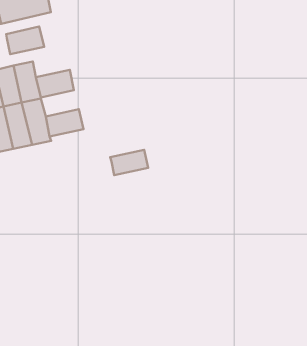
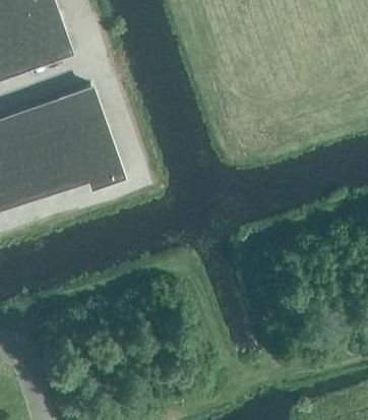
building: [6,27,44,54] -> [59,87,98,118]
building: none -> [72,126,111,156]
building: [110,150,148,175] -> [85,164,124,192]

